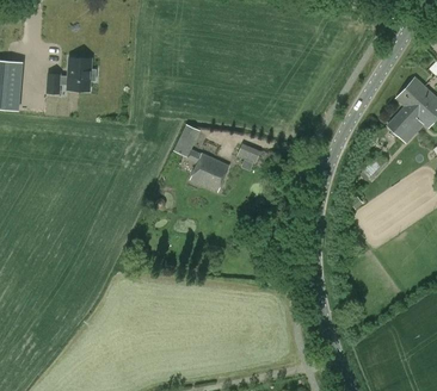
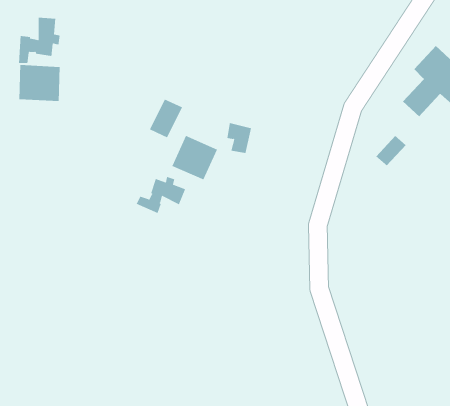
building: none -> [19,64,60,102]
building: none -> [136,176,186,214]

